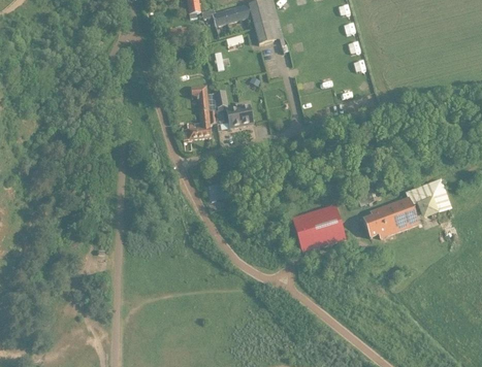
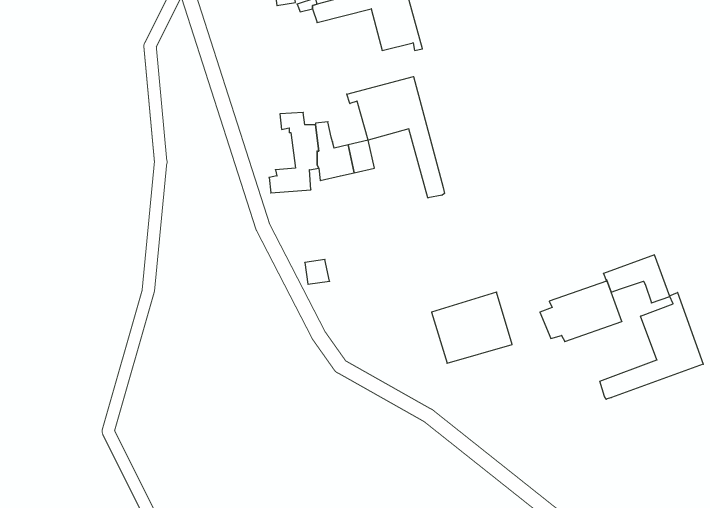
building: none -> [347,77,445,198]
building: none -> [600,292,703,399]

